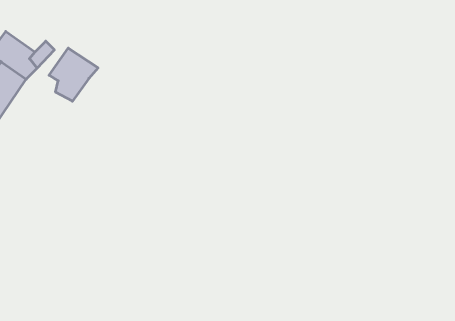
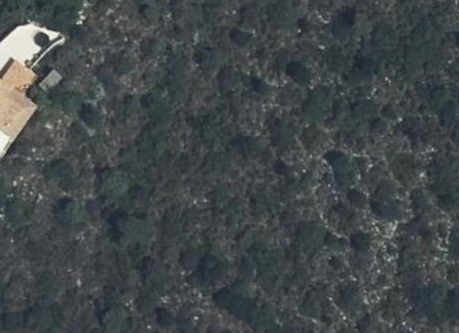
building: [49,48,98,101] -> none

